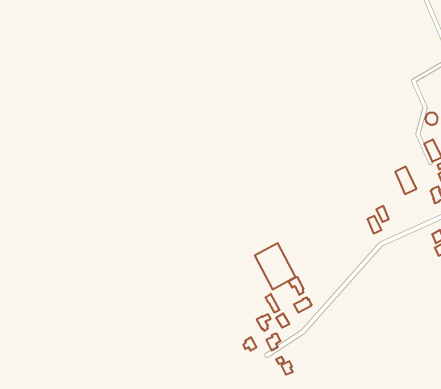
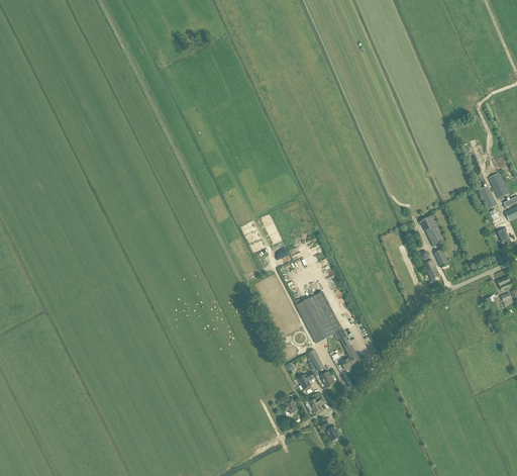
building: [395,167,416,194] -> [420,214,444,246]

